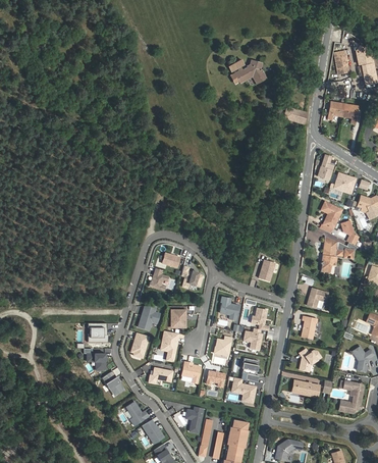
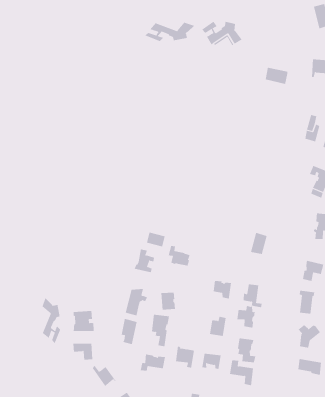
building: none -> [144,22,195,42]
building: none -> [42,297,61,344]

